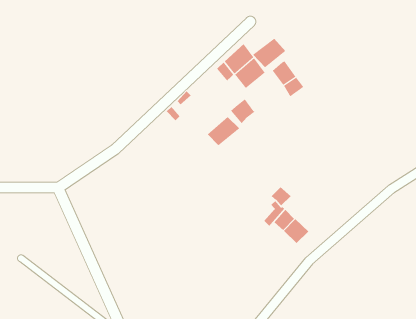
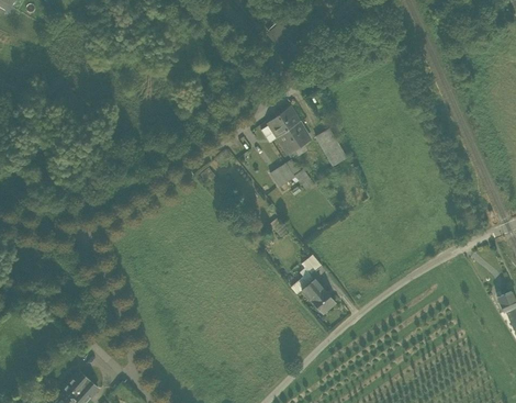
building: [252,38,286,68] -> none
building: [207,116,240,146] -> none

